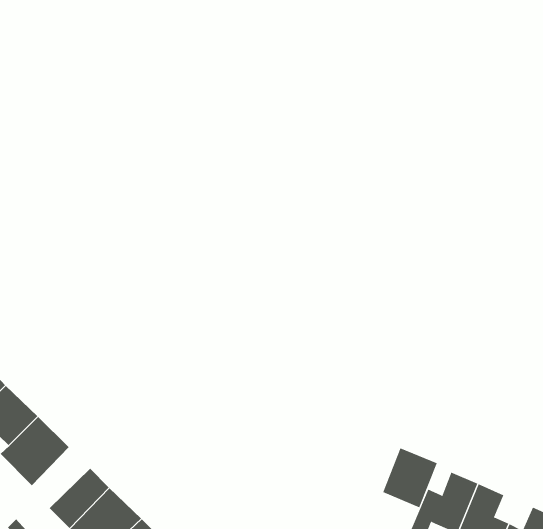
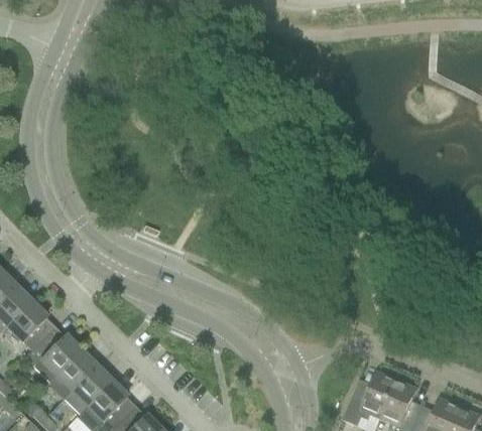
building: none -> [46,350,95,399]
building: [382,447,438,508] -> none

